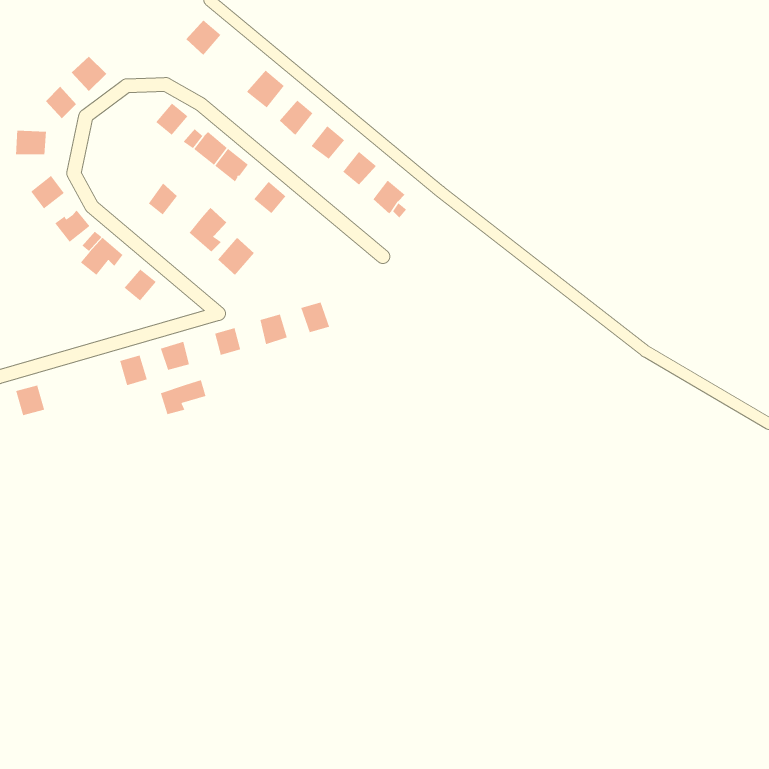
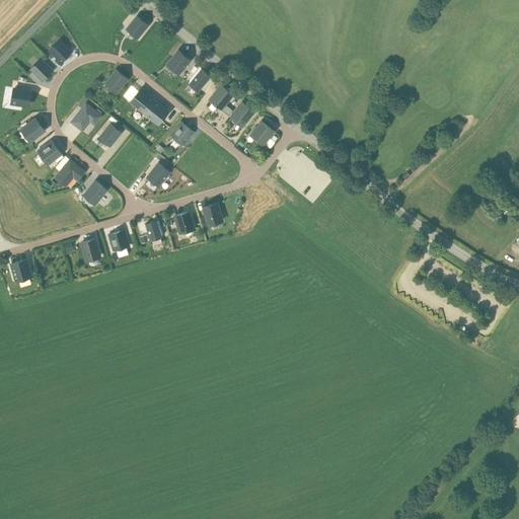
building: none -> [71,104,100,131]
building: [188,207,227,252] -> none
building: [160,379,206,415] -> none

